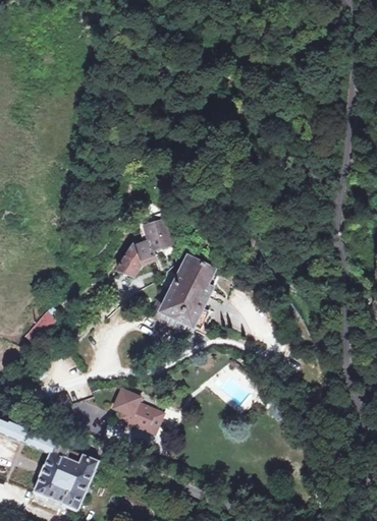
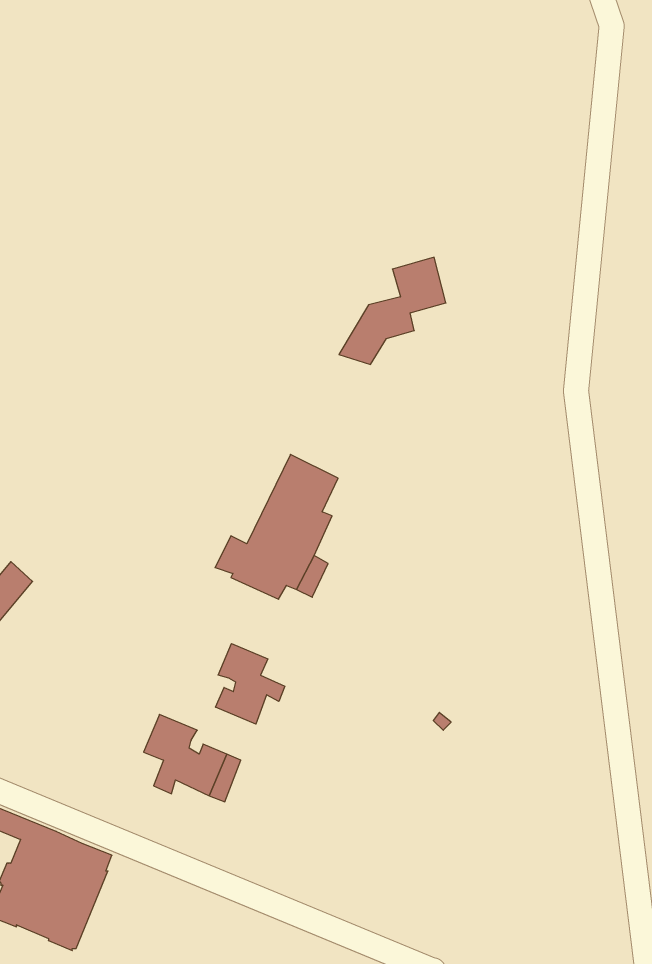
building: [115,221,170,276] -> [339,257,446,364]
building: none -> [216,644,285,724]

